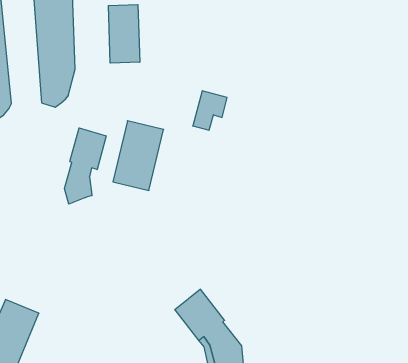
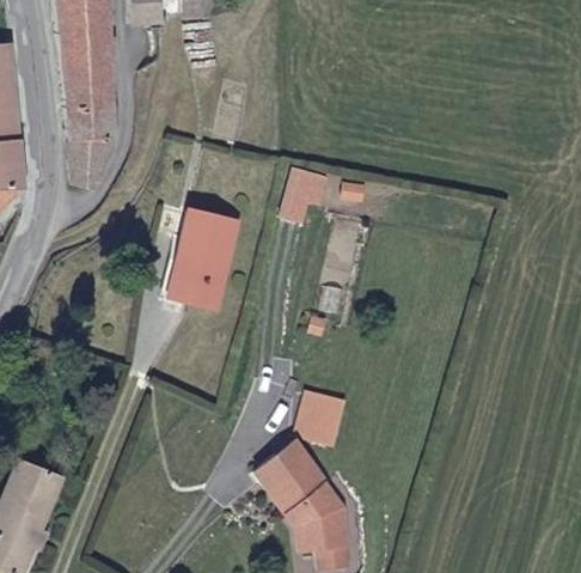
building: [108,5,140,63] -> none
building: [64,128,106,204] -> none
building: none -> [294,392,344,445]

